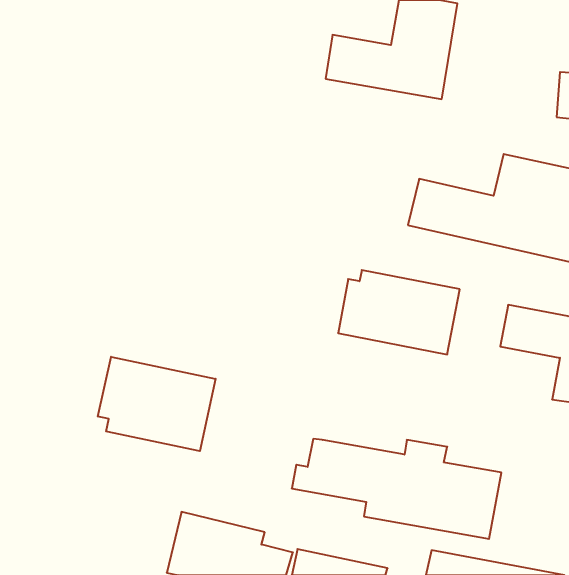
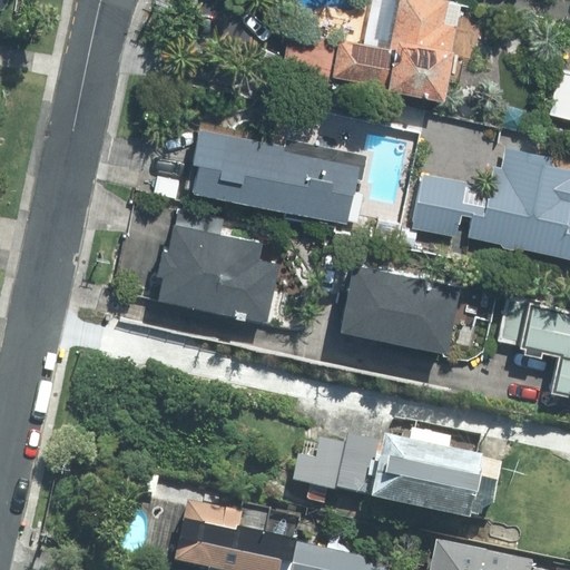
building: none -> [193,127,362,224]
building: none -> [154,220,281,320]
building: [98,357,216,451] -> none

